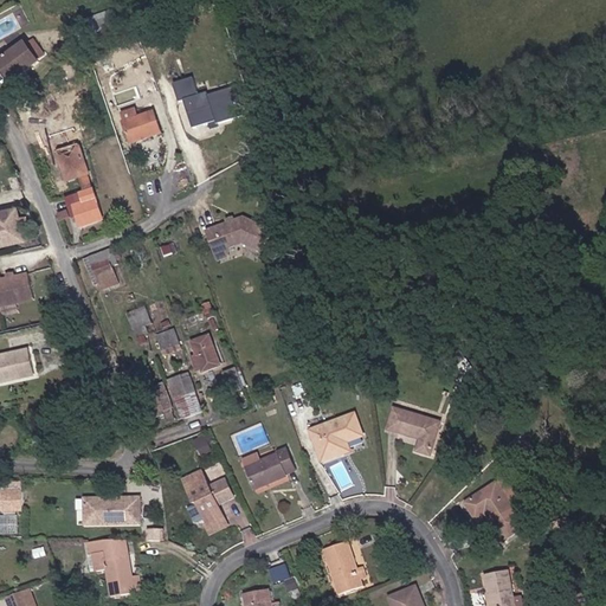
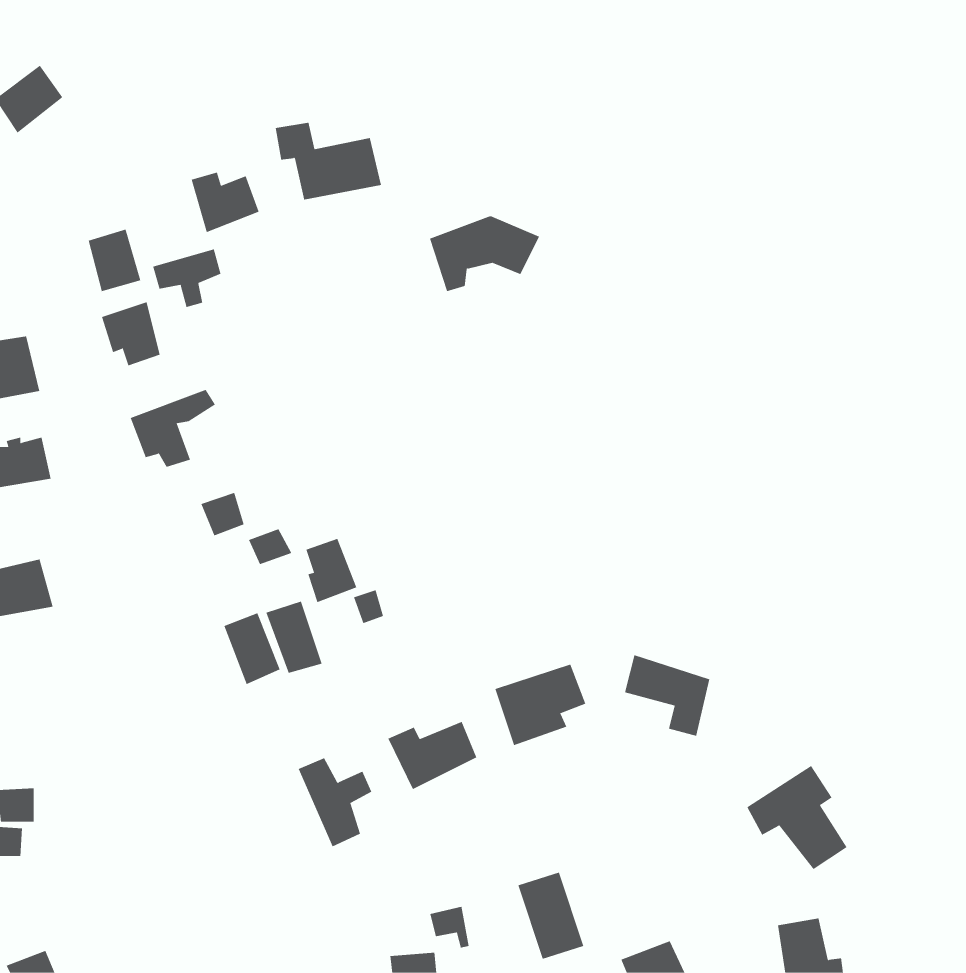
building: none -> [152,248,221,308]
building: [202,215,271,263] -> [429,216,540,292]
building: [82,496,140,526] -> none
building: [85,539,138,597] -> none

